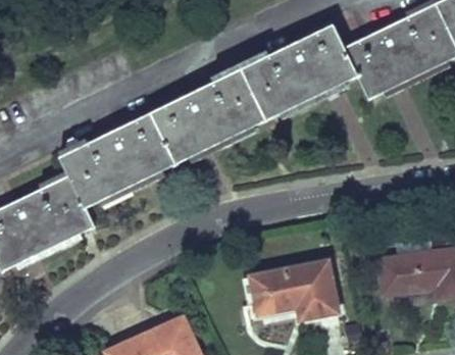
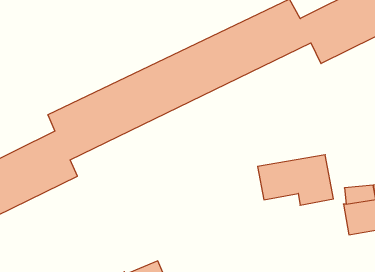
building: [251,262,337,319] -> [258,155,333,205]

